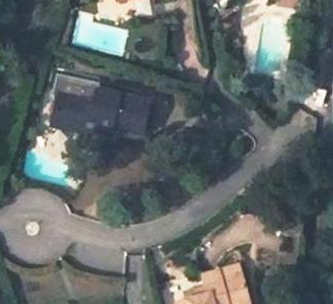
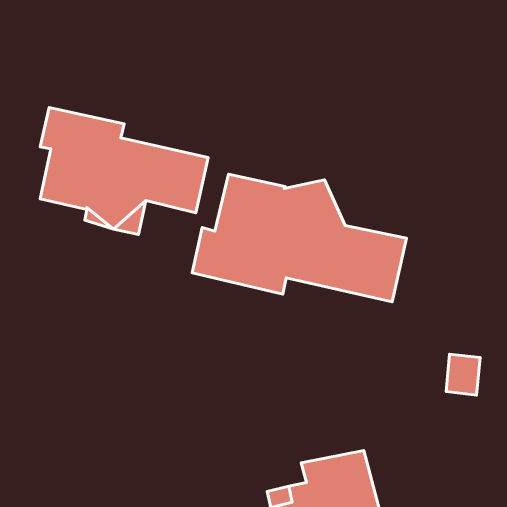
building: none -> [192,174,407,302]

